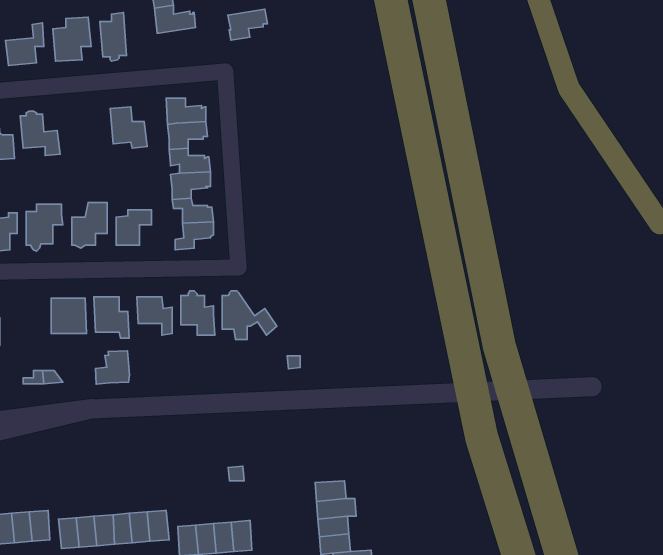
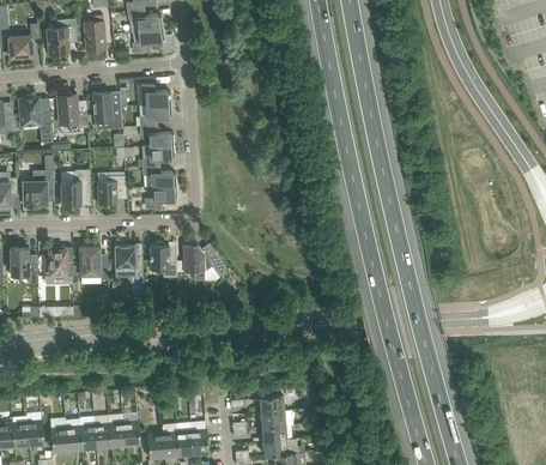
building: [228,9,268,40] -> [132,28,164,53]
building: none -> [56,93,87,135]
building: none -> [10,248,38,285]
building: [95,351,129,384] -> none

